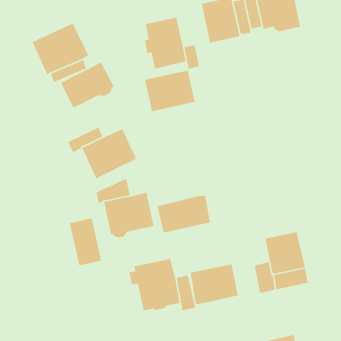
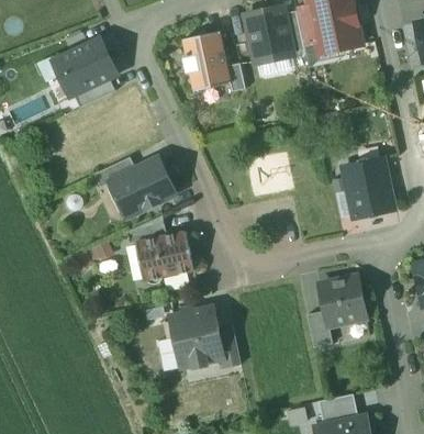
building: [60,61,115,109] -> none
building: [144,70,196,112] -> none
building: none -> [342,157,393,218]
building: [157,195,211,234] -> none
building: [69,218,102,266] -> none
building: [190,264,239,305] -> none

